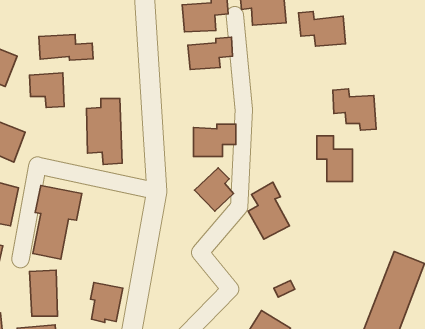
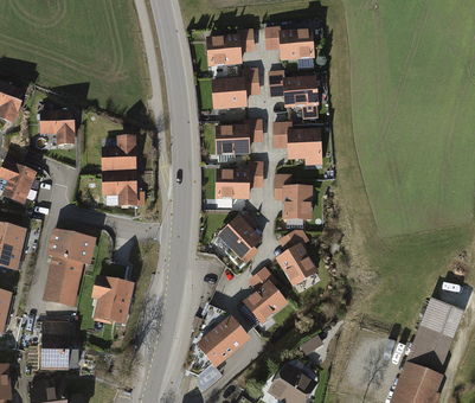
building: [299,12,345,46] -> [268,69,317,105]
building: [39,35,93,60] -> none
building: none -> [214,119,259,154]
building: [333,89,376,130] -> [275,120,321,164]
building: [317,136,352,181] -> [274,172,312,220]
building: none -> [240,263,285,322]
building: none -> [195,314,250,366]
building: [90,282,123,323] -> [94,277,128,320]

